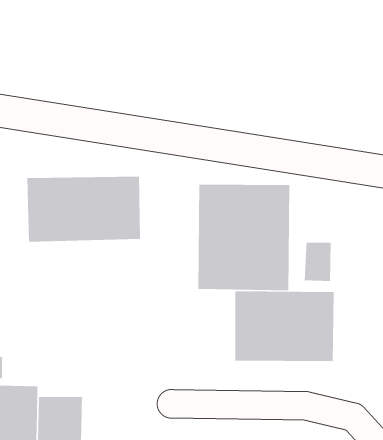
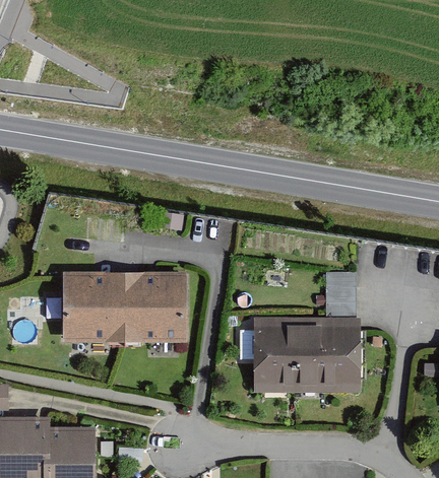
building: [26,176,141,242] -> [65,273,187,344]
building: [198,184,290,291] -> none

